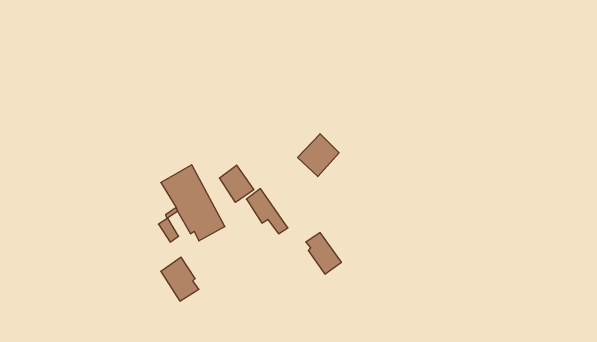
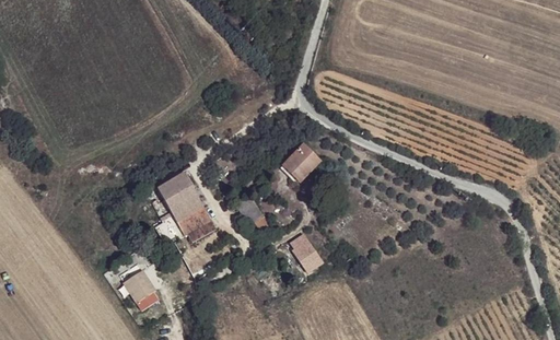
building: [219,165,254,202] -> none
building: [161,257,199,301] -> [124,269,159,309]

